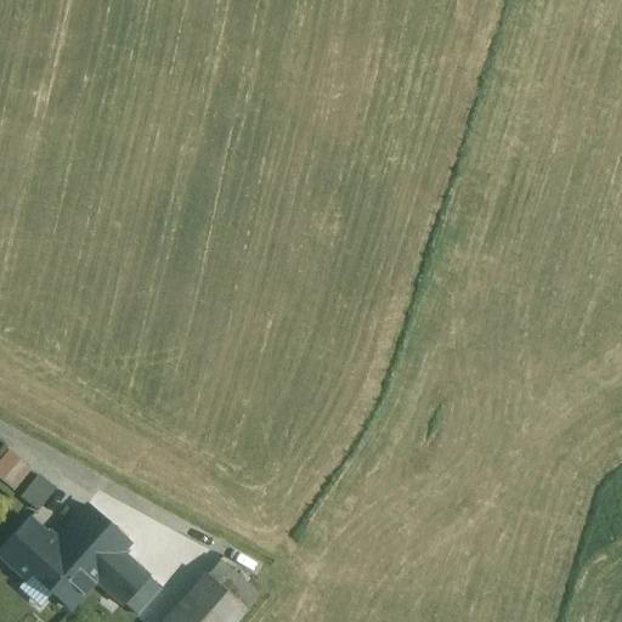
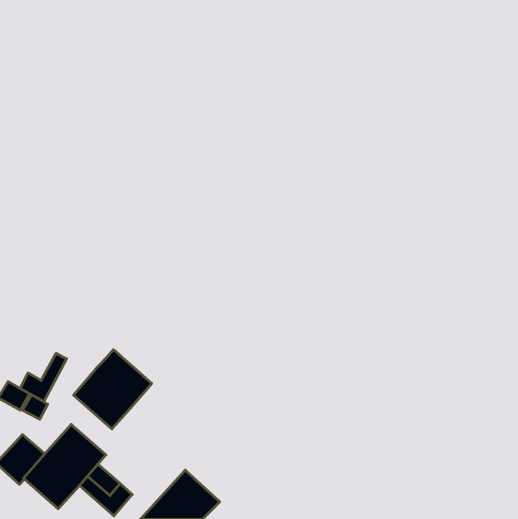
building: none -> [74,350,152,429]
building: none -> [20,353,67,402]

